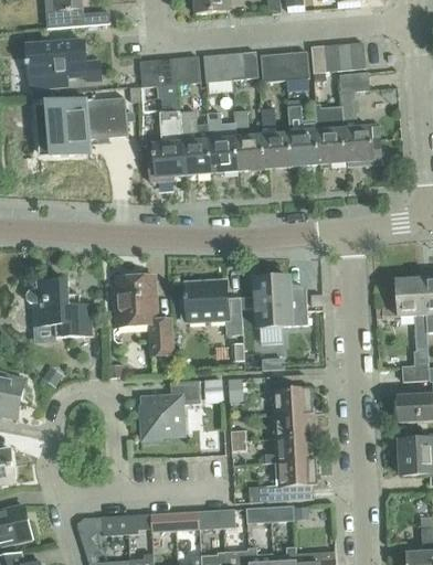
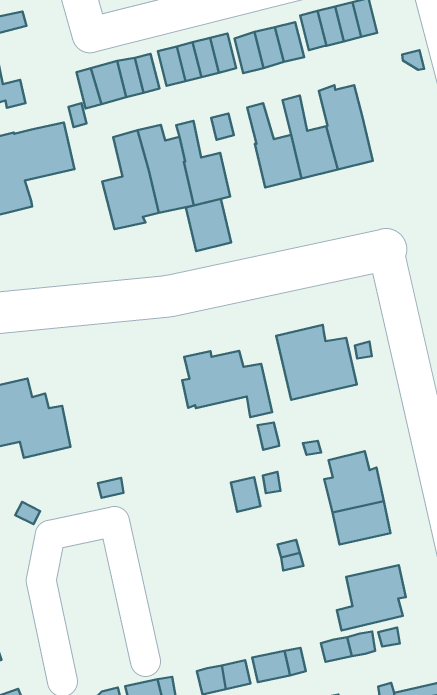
building: [339,73,381,166] -> none
building: [235,136,264,171] -> [186,199,231,251]
building: [114,275,171,354] -> none
building: [139,380,200,439] -> none
building: [275,436,316,462] -> none

